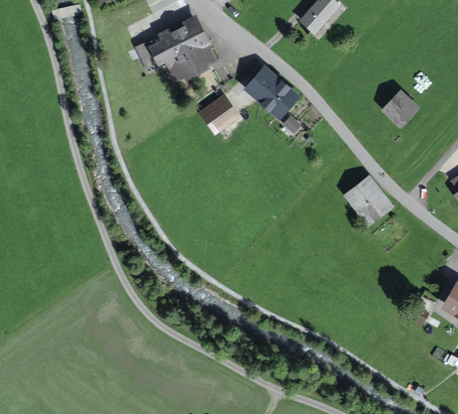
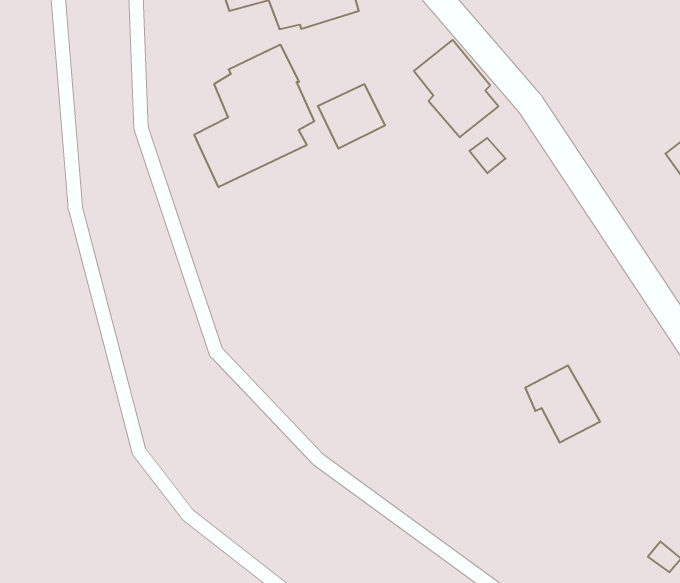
building: none -> [194,45,314,187]
building: [346,178,387,219] -> [525,365,600,442]

